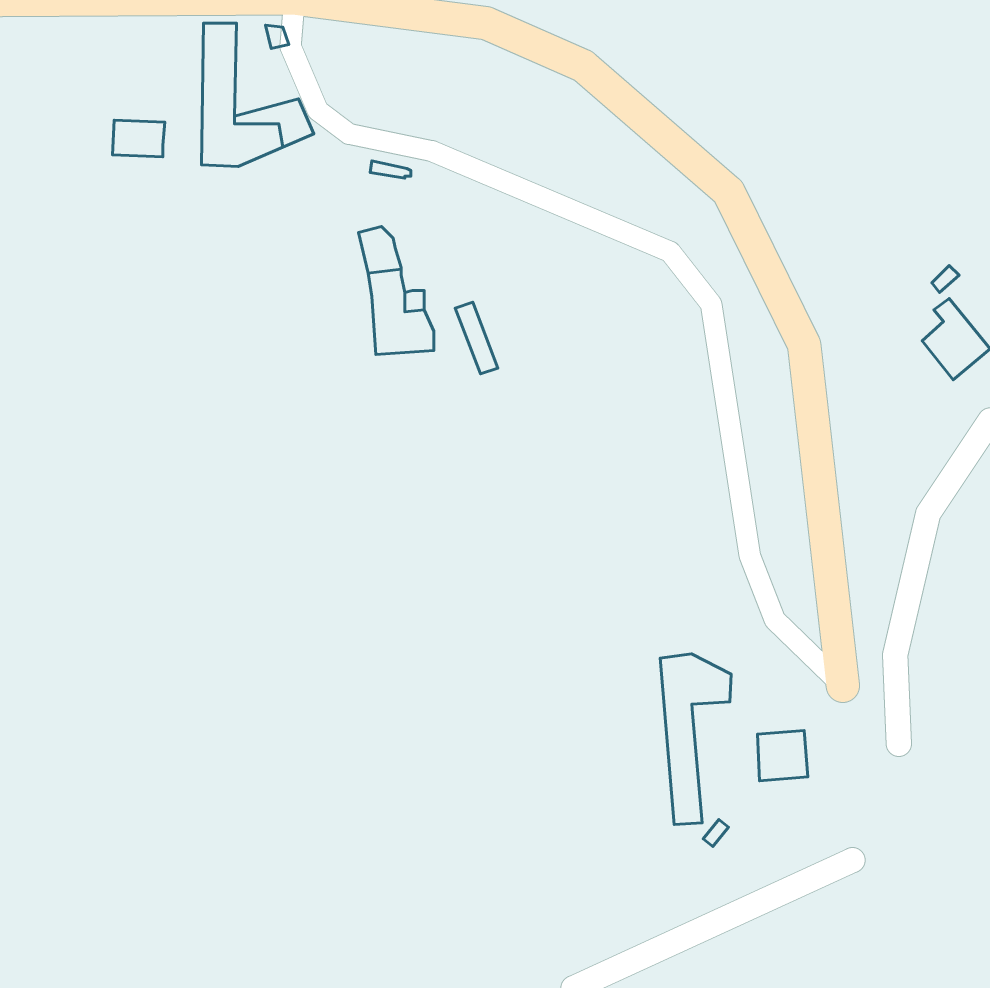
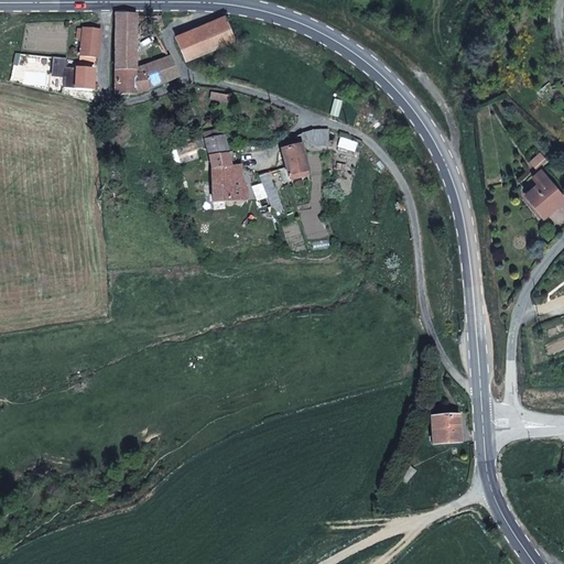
building: none -> [176,15,234,58]
building: none -> [80,28,100,57]
building: none -> [281,129,329,176]
building: [660,654,731,825] -> none

